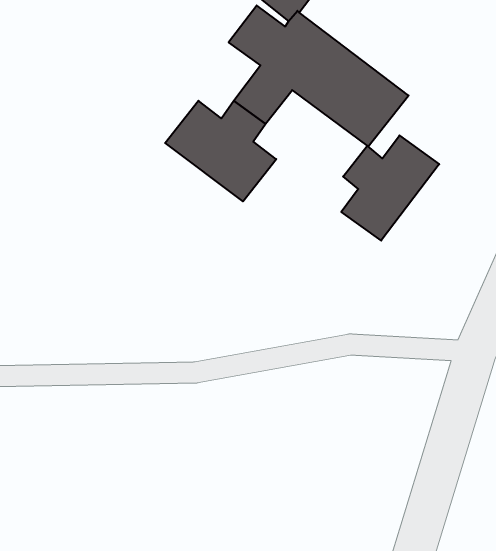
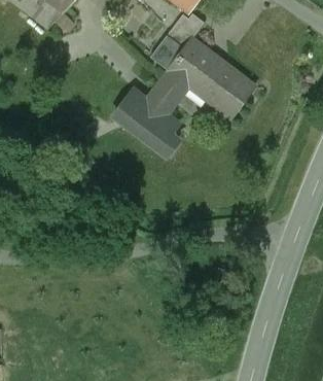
building: [341,135,439,241] -> none

